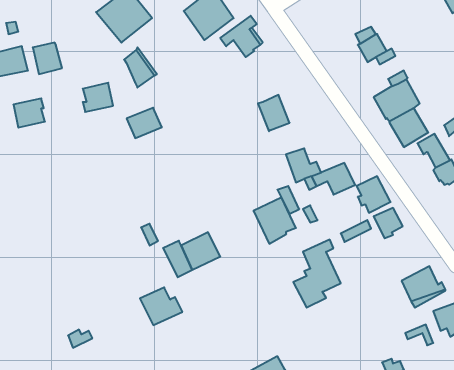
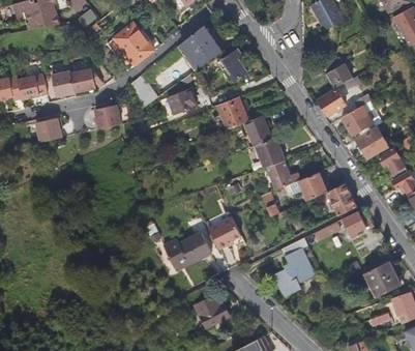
building: none -> [71,67,103,92]
building: none -> [318,89,346,116]
building: none -> [216,97,247,129]
building: [127,108,162,138] -> [167,89,197,115]
building: none -> [254,137,284,168]
building: [253,198,296,244] -> [205,210,241,250]
building: [140,287,182,325] -> [194,295,230,327]

